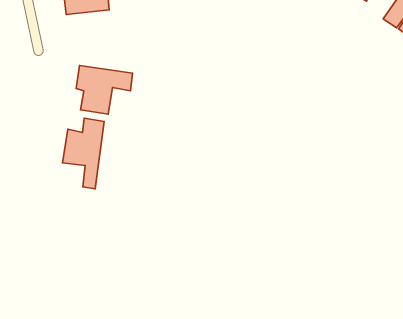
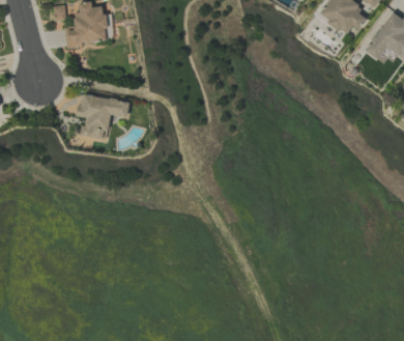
building: [63,118,104,189] -> none

